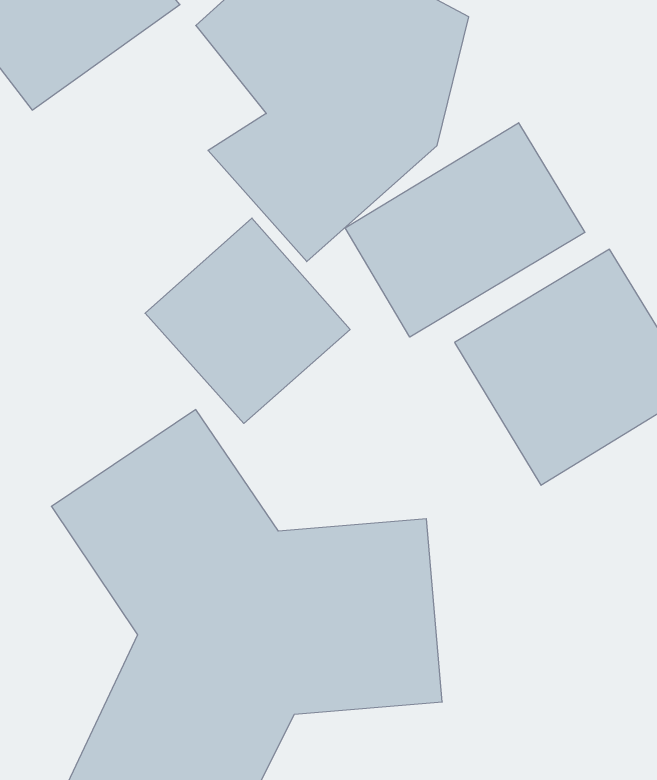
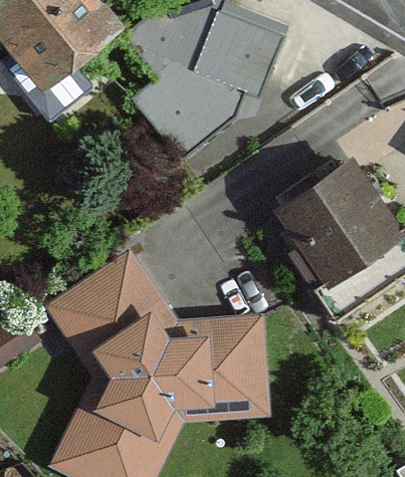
building: [345,123,585,337] -> none
building: [145,218,350,423] -> none

